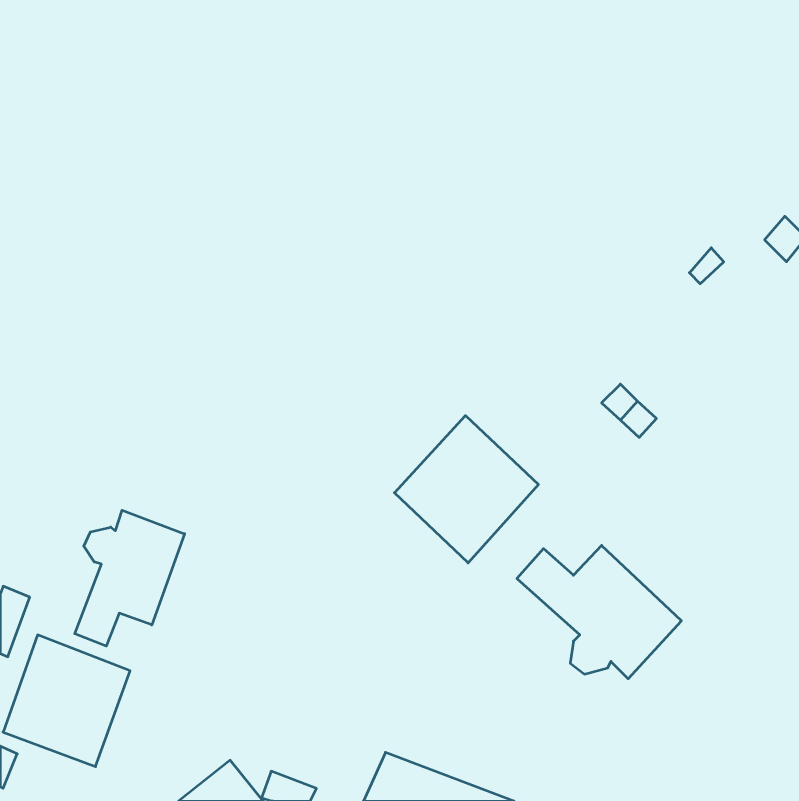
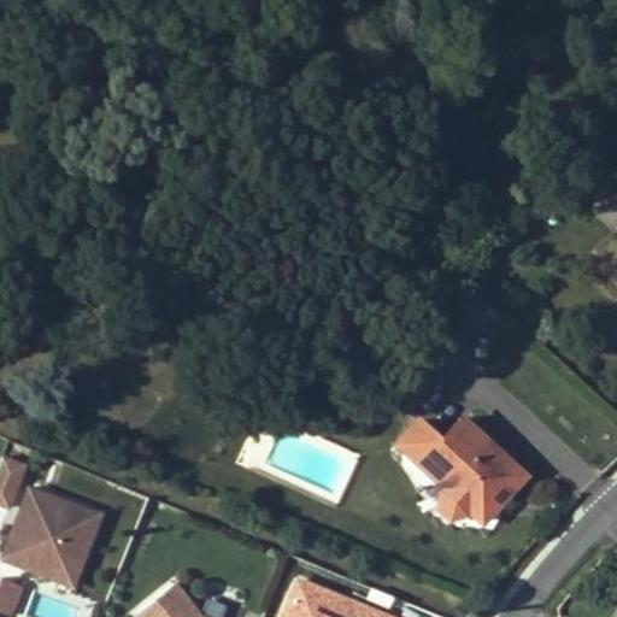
building: [394,416,538,563] -> none
building: [75,510,185,646] -> none

